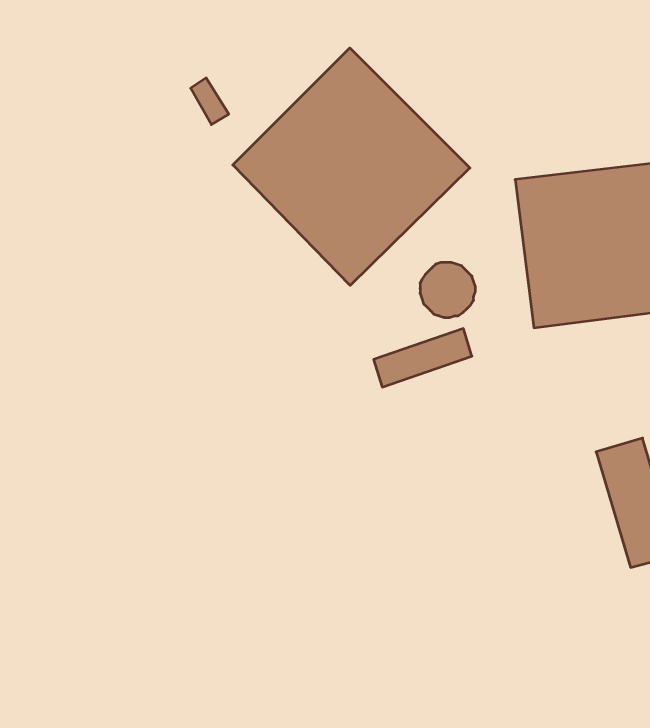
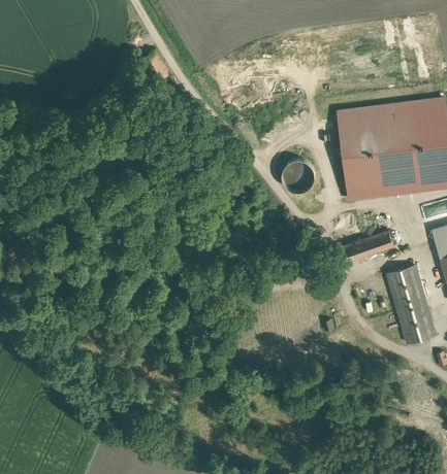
building: [233,48,470,285] -> none
building: [374,329,472,387] -> [334,230,393,265]

